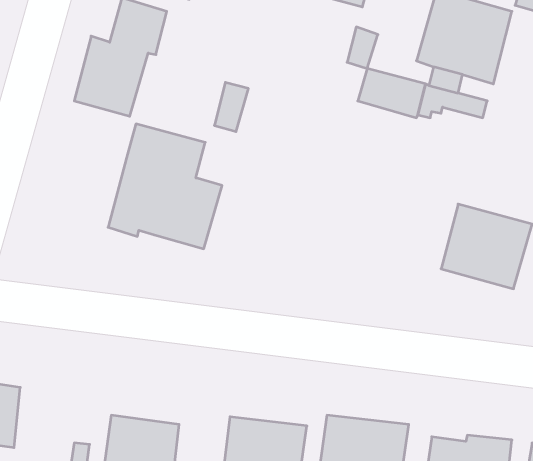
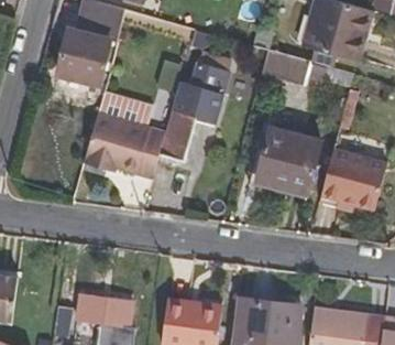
building: none -> [160,52,230,162]
building: none -> [253,120,320,196]

